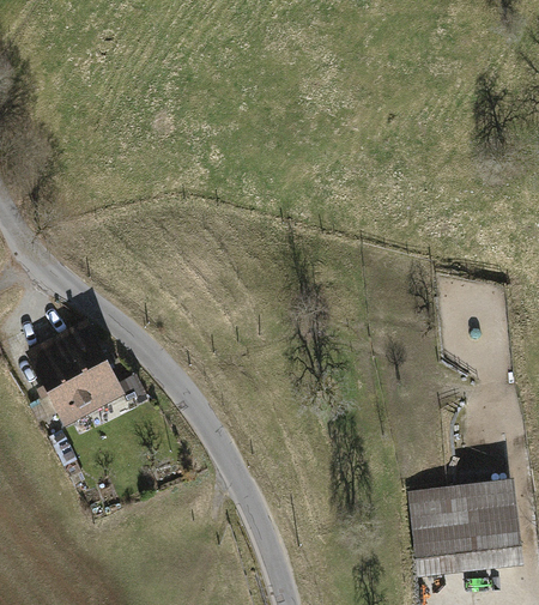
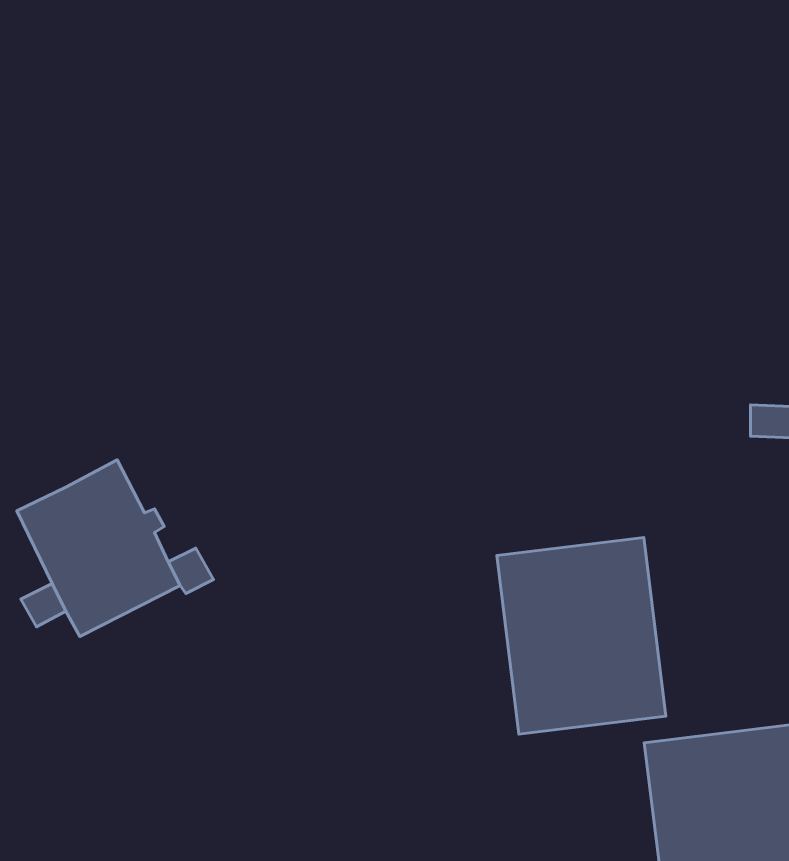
building: none -> [497,538,666,734]

